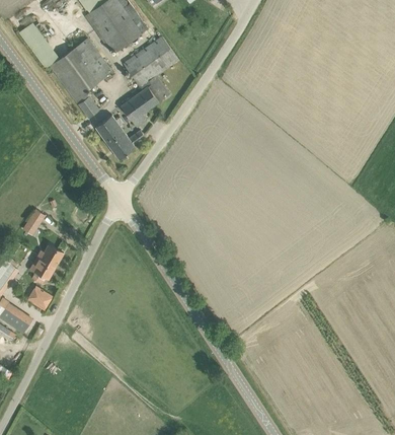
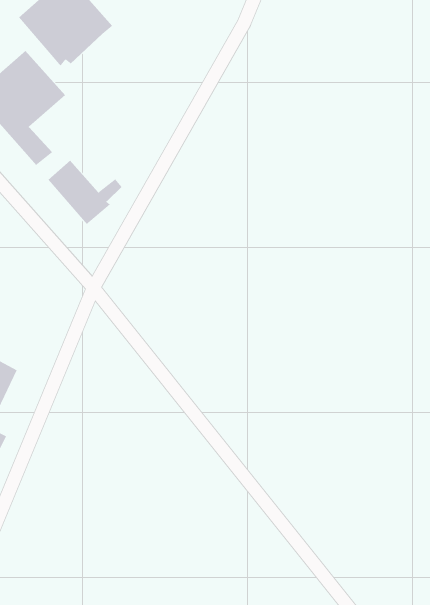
building: [121,35,178,127] -> none

